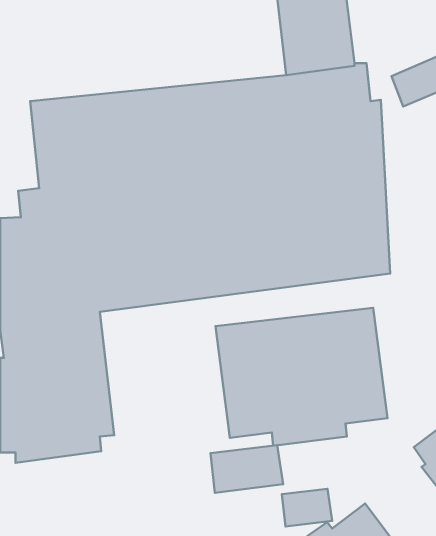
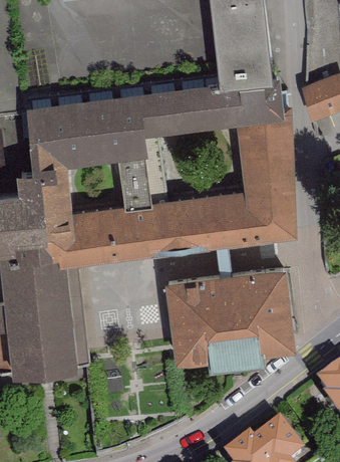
building: [210,445,283,493] -> none
building: [282,489,332,527] -> none

